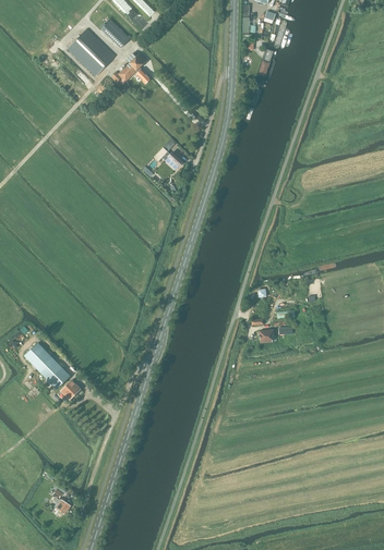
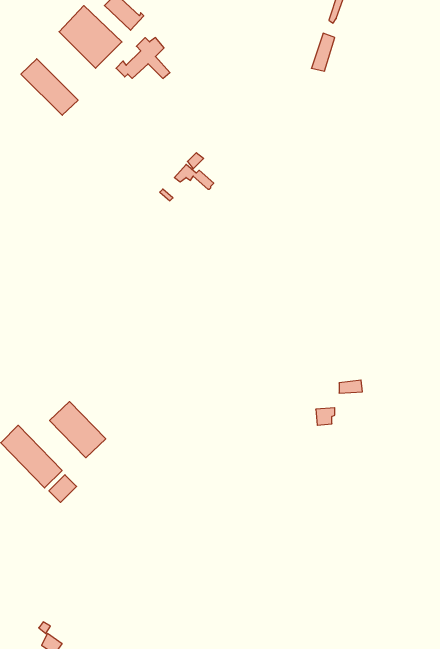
building: none -> [21,59,78,115]
building: none -> [50,402,106,458]

